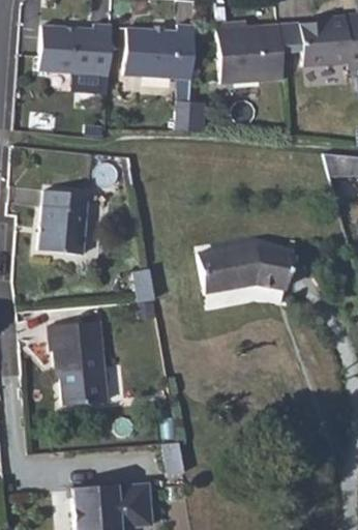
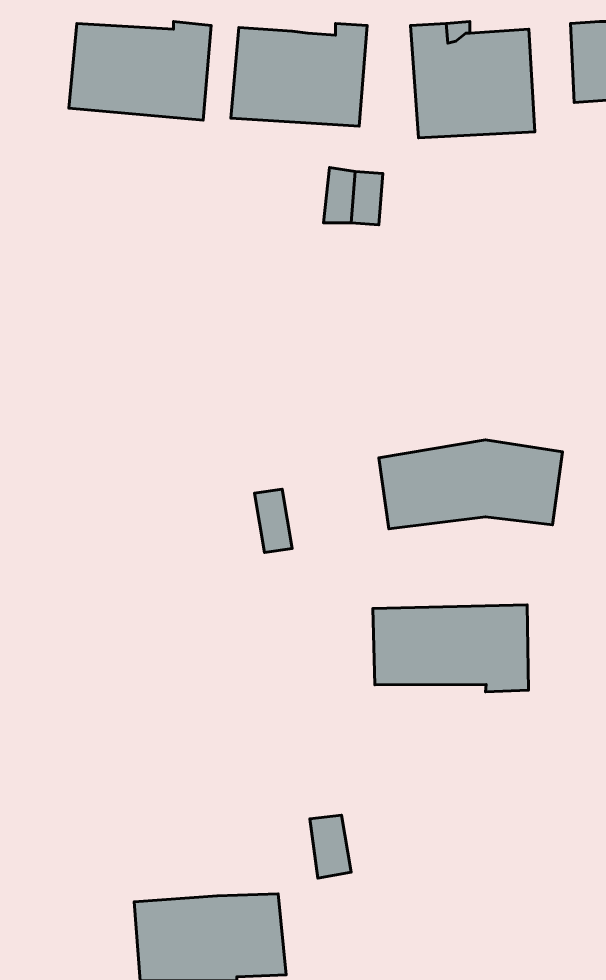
building: [38,192,86,255] -> none
building: [50,323,105,403] -> none
building: none -> [373,605,529,692]

